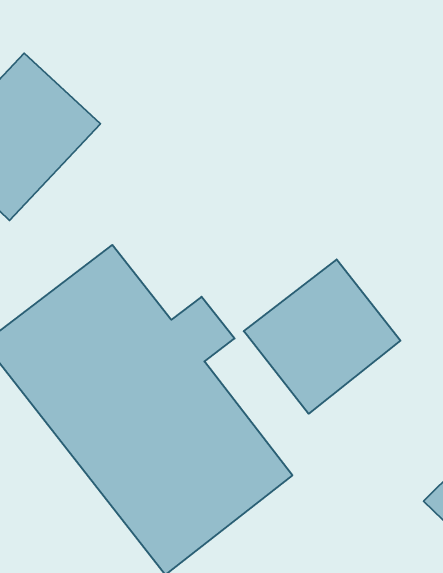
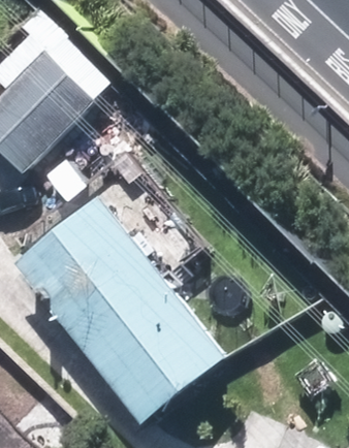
building: [244,259,400,414] -> none

